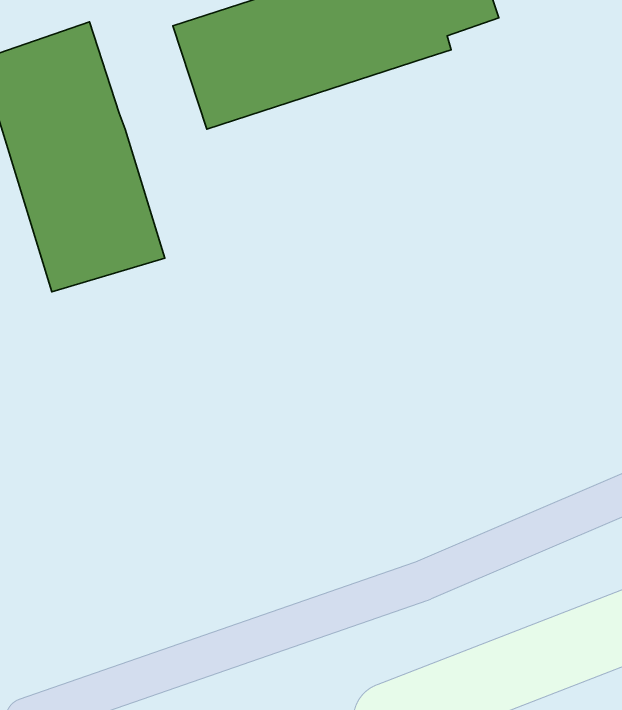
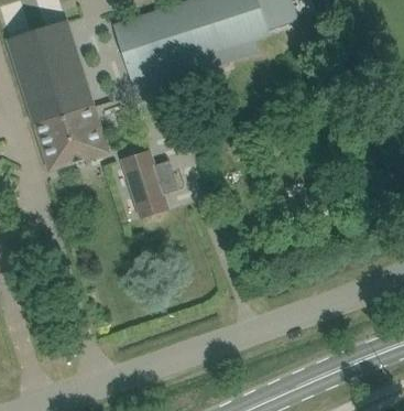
building: none -> [122,150,178,216]

